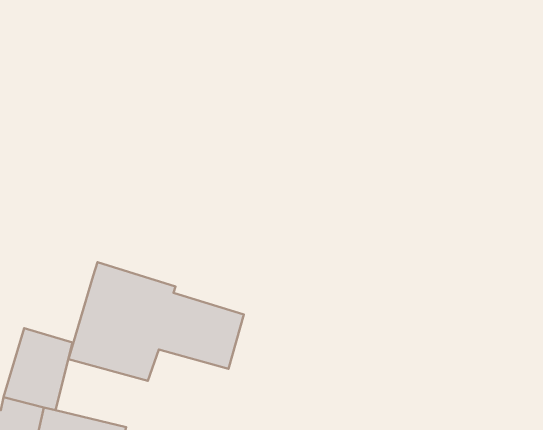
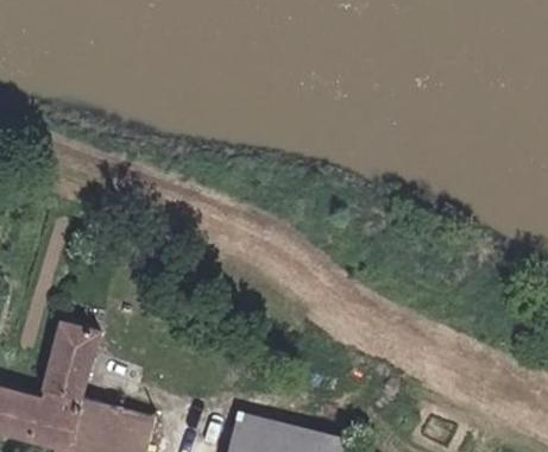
building: [68,262,244,381] -> none

